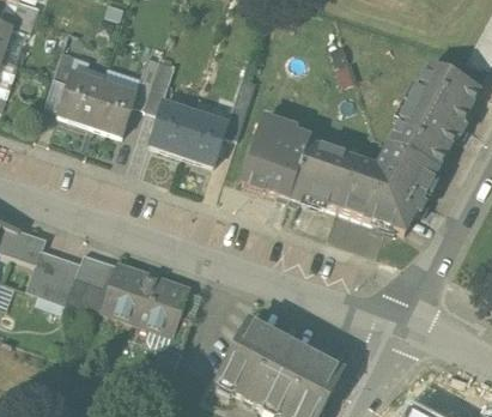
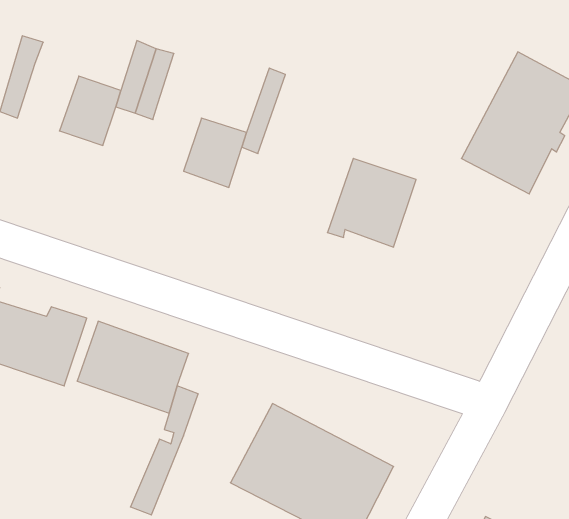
building: [60,71,105,121] -> none
building: [152,101,196,151] -> none
building: [243,116,310,197] -> none
building: [339,141,439,231] -> none

